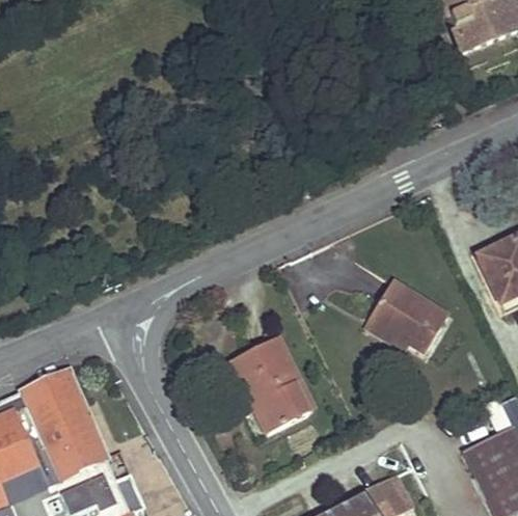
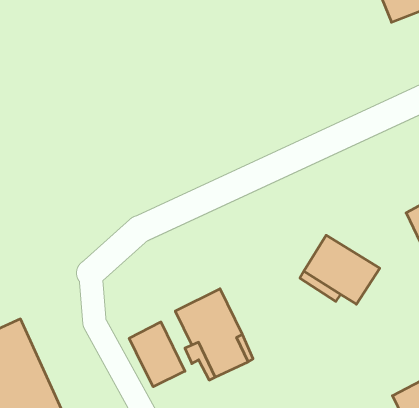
building: none -> [129,322,185,387]

